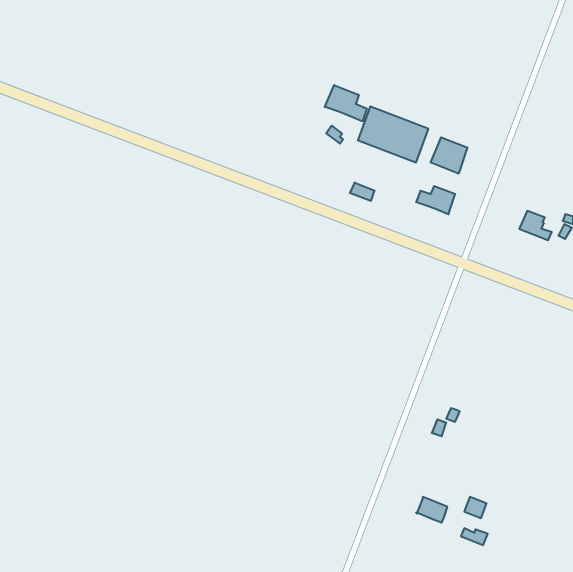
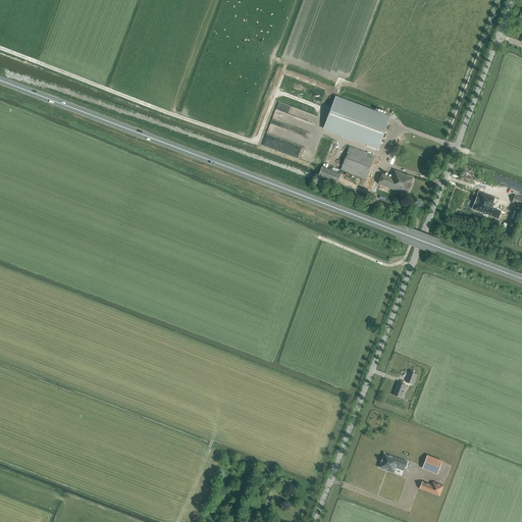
building: [325,85,367,121] -> none
building: [431,138,468,173] -> [341,146,374,178]

